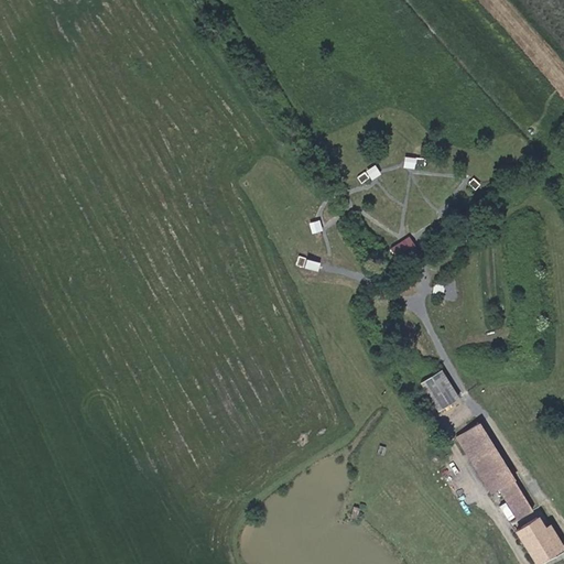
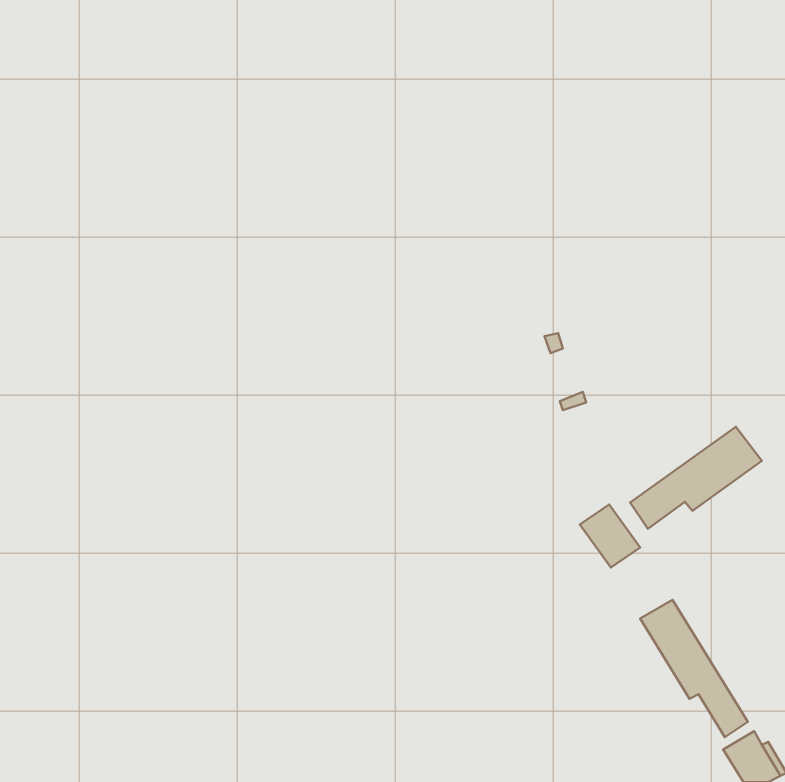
building: none -> [630,427,762,529]

